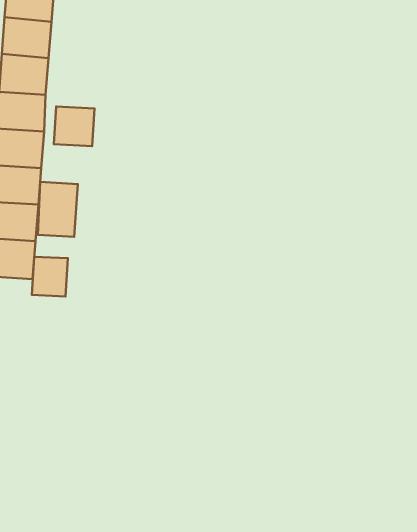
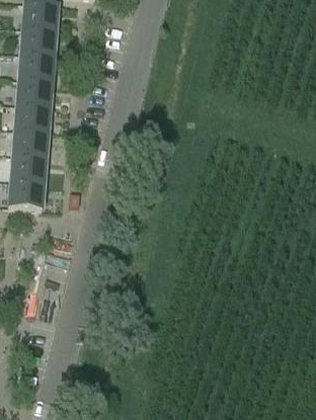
building: [54,107,94,146] -> none
building: [38,182,78,237] -> none
building: [32,257,68,296] -> none

